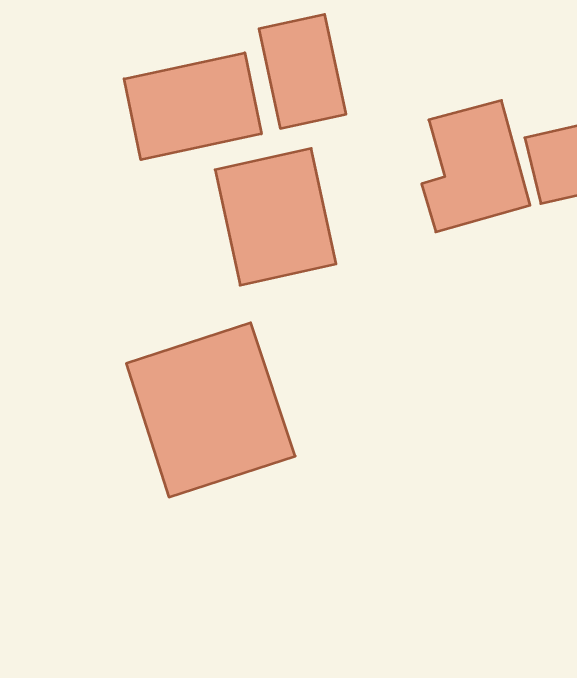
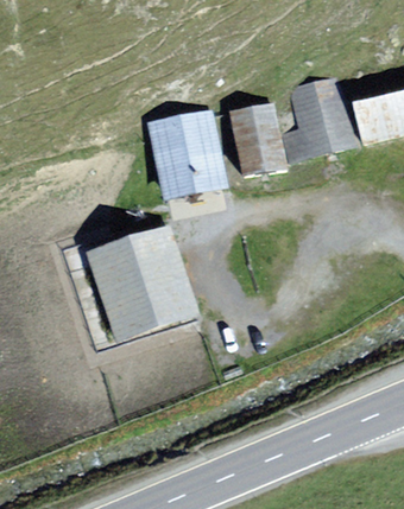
building: [259,14,346,128] -> [228,101,286,177]
building: [124,53,261,160] -> none

